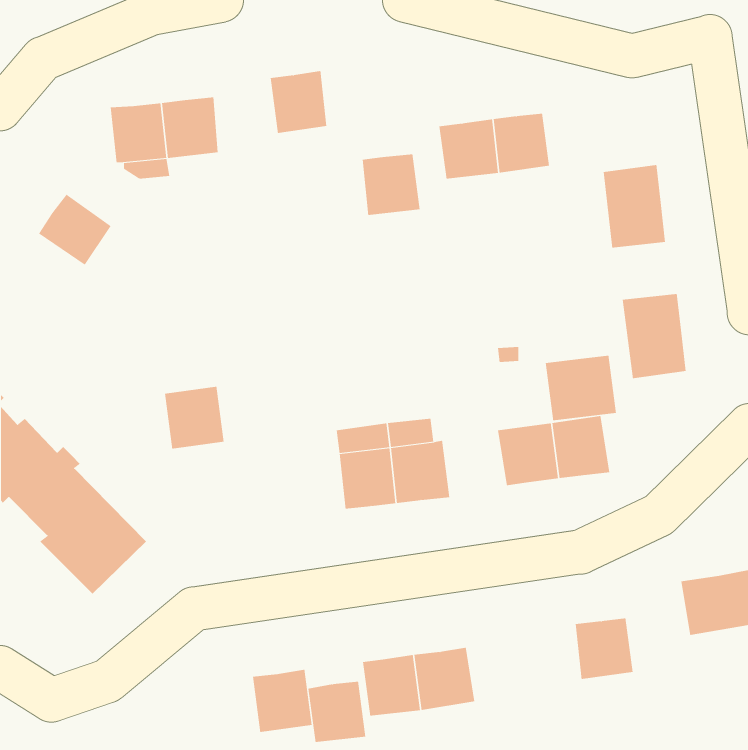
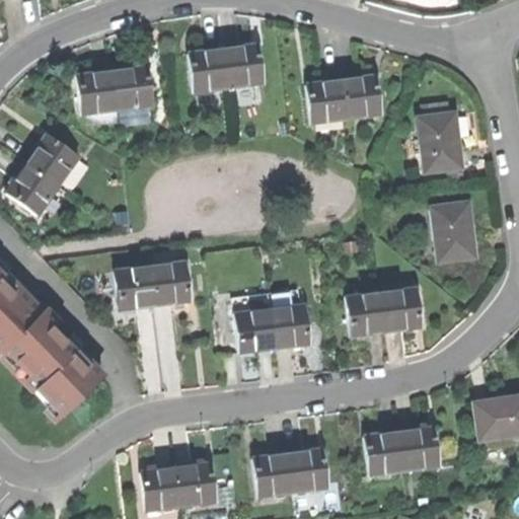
building: [362,154,420,215] -> [223,45,264,87]
building: none -> [5,161,60,215]
building: [545,355,616,421] -> none
building: none -> [151,262,191,305]
building: none -> [363,431,402,473]
building: [308,681,366,743] -> [140,467,180,510]

